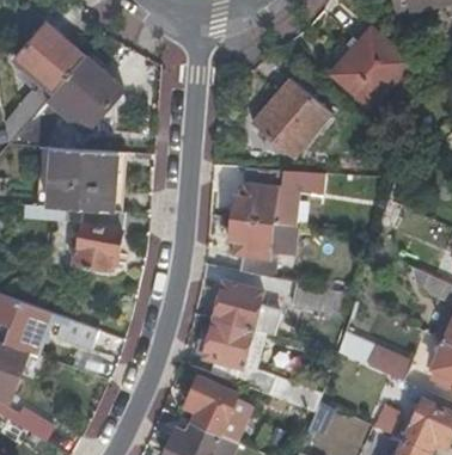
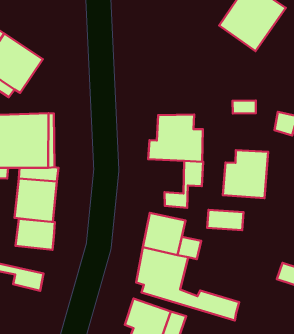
building: [251,76,330,156] -> none
building: [228,215,273,258] -> none
building: none -> [223,150,268,198]
building: none -> [15,219,55,250]

